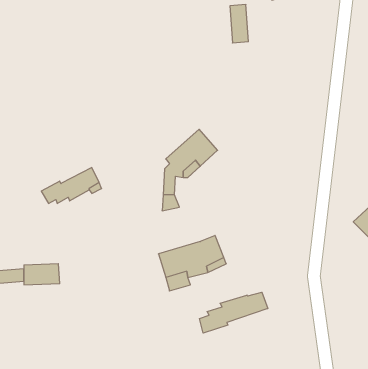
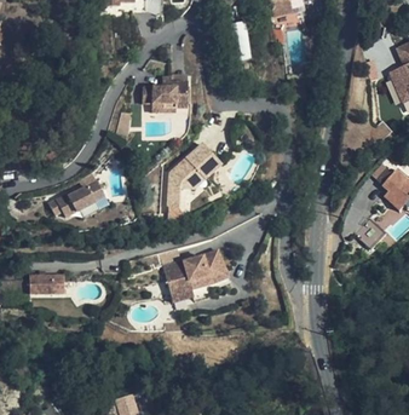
building: none -> [140,81,185,111]
building: [199,292,268,333] -> none

